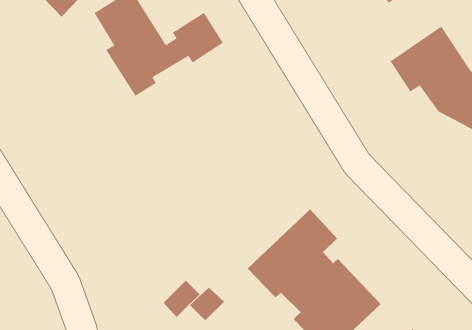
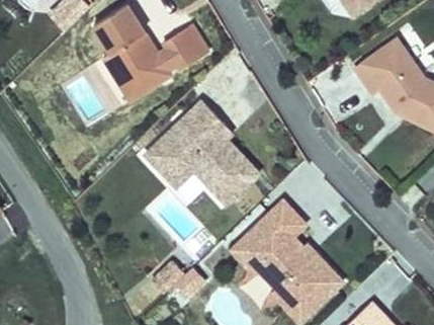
building: none -> [143,98,257,201]

